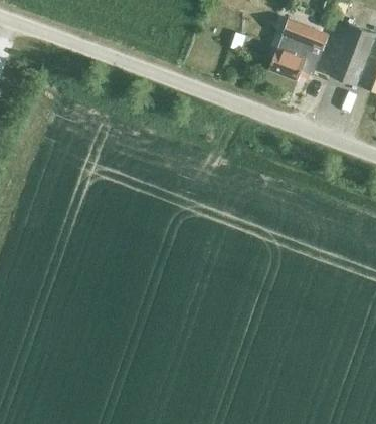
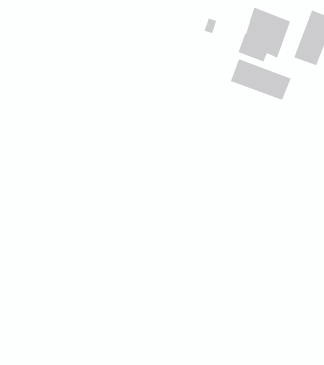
building: none -> [230,58,292,101]

